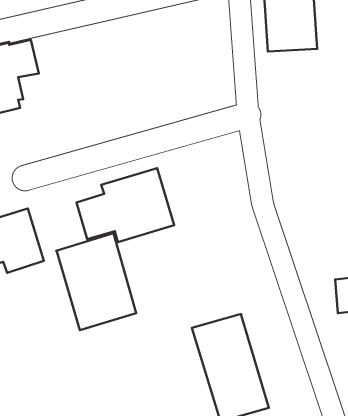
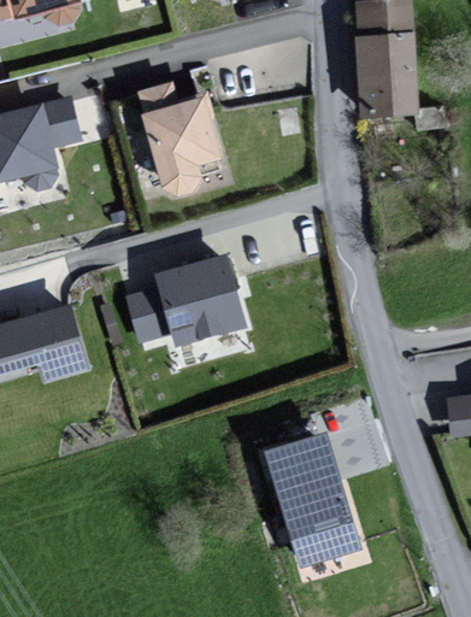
building: none -> [137,81,219,193]
building: [56,233,136,330] -> none

